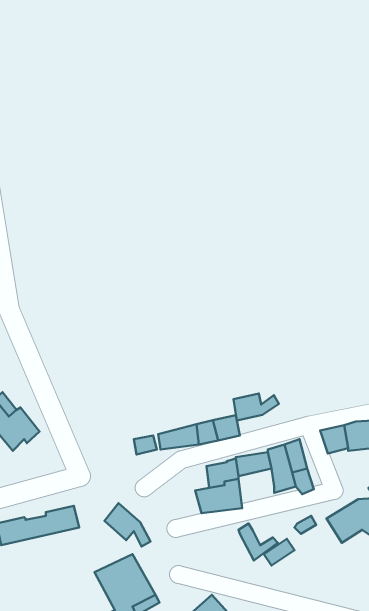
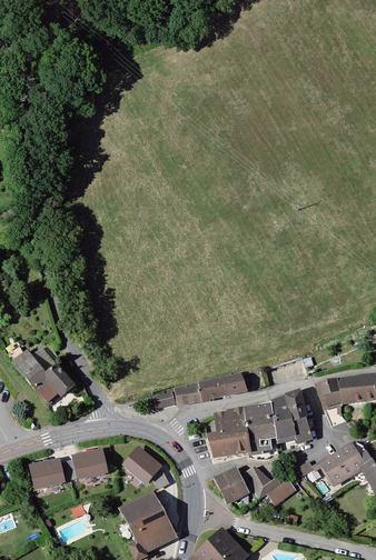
building: [233,393,279,421] -> none
building: none -> [246,418,277,454]
building: none -> [216,468,247,502]

